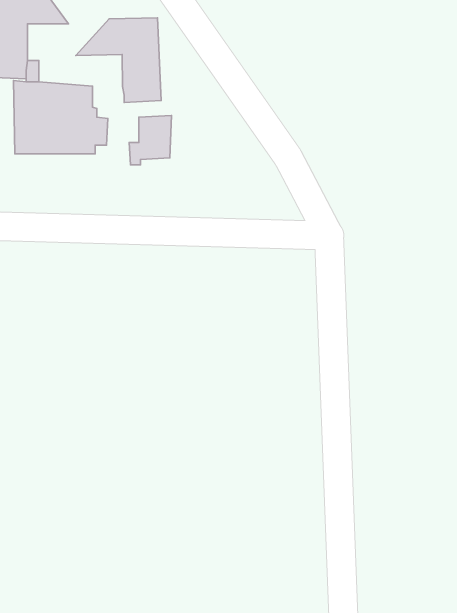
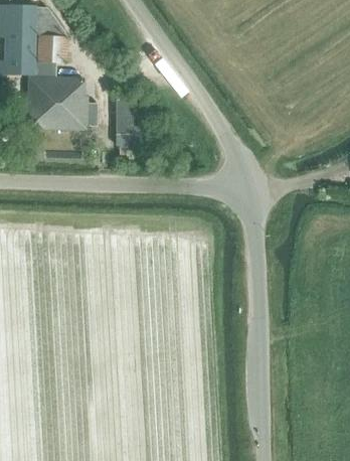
building: [76,18,161,103] -> none

